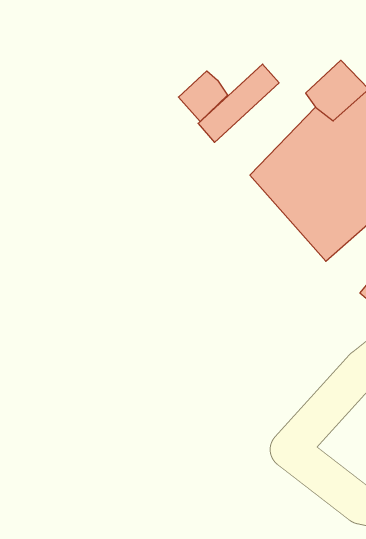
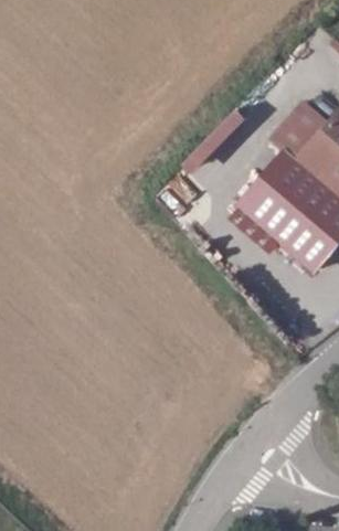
building: [178,71,228,122] -> none

